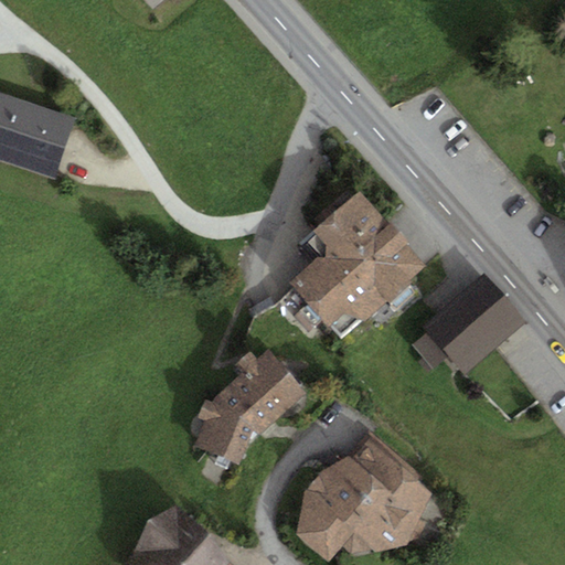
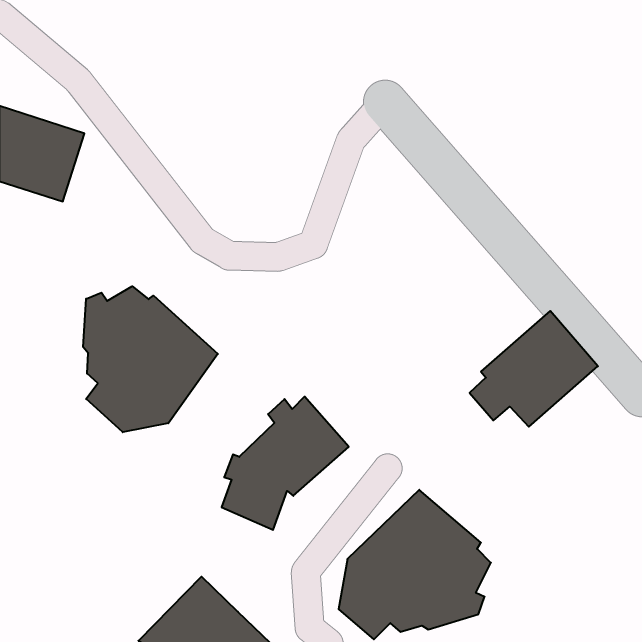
building: [288,191,424,328] -> none
building: none -> [83,286,218,432]

